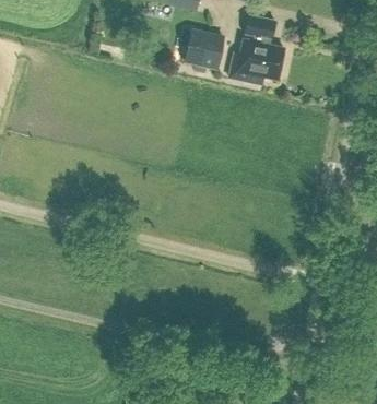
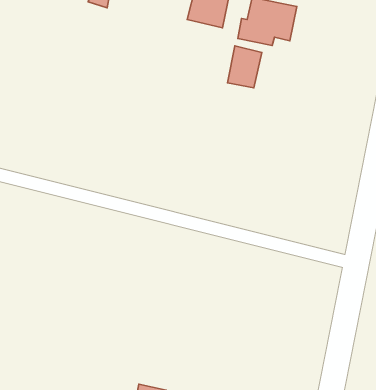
building: none -> [227,46,262,88]

